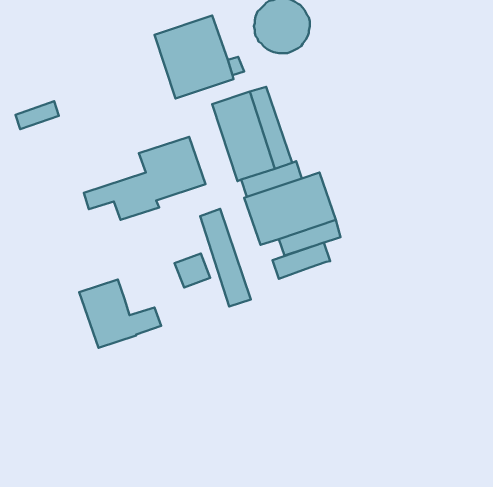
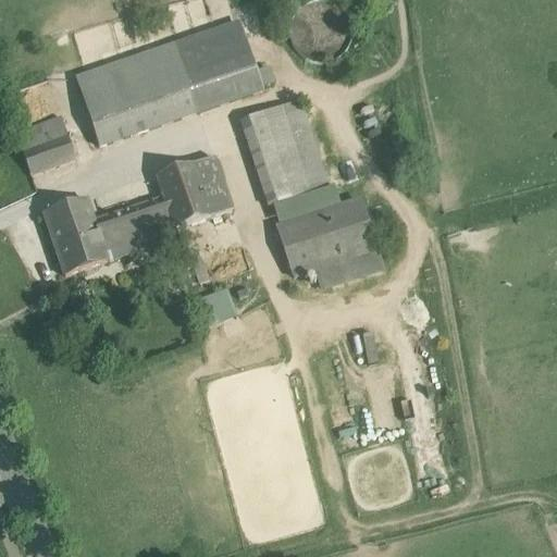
building: none -> [75,39,198,145]
building: none -> [23,131,75,171]
building: [200,209,251,307] -> none
building: [272,243,330,279] -> none
building: [79,279,161,348] -> [44,196,136,273]

